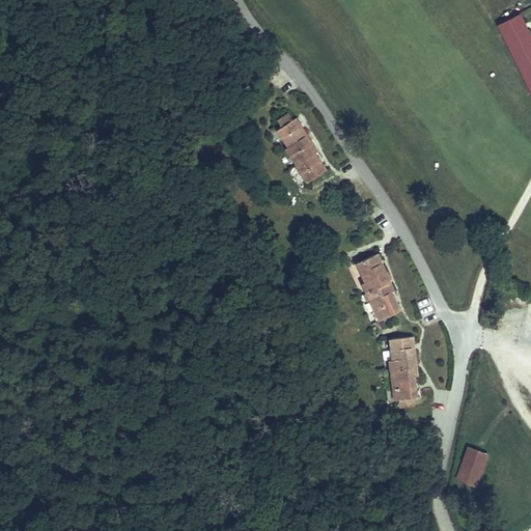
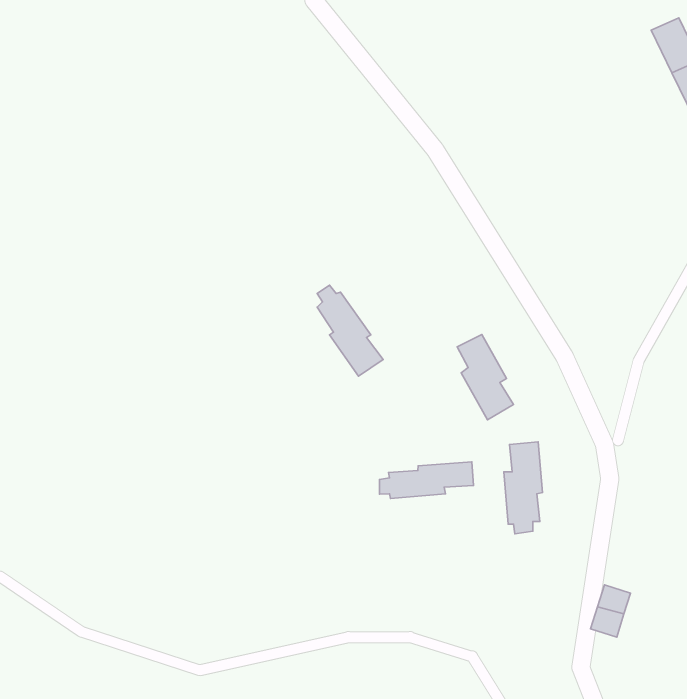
building: [270,118,319,187] -> [317,285,383,376]
building: none -> [379,462,473,498]

